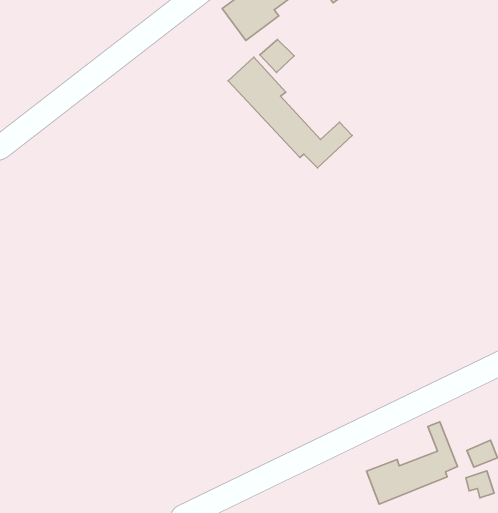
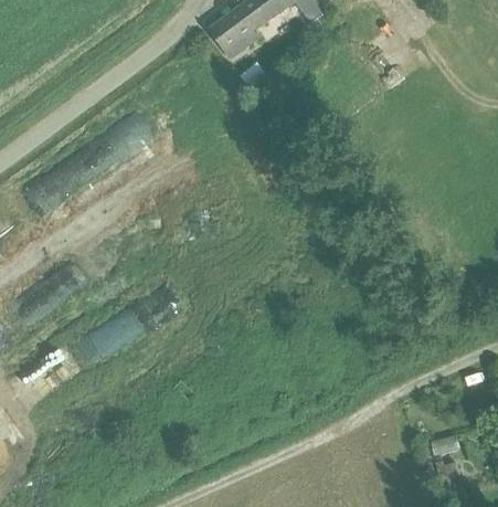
building: [228,57,352,168] -> none
building: [366,422,458,504] -> none

